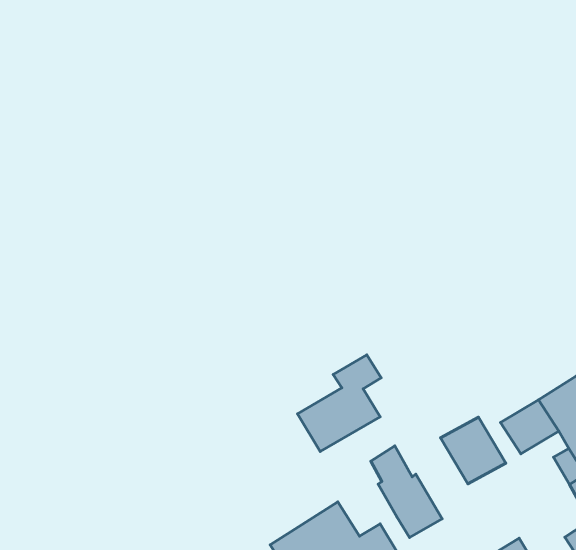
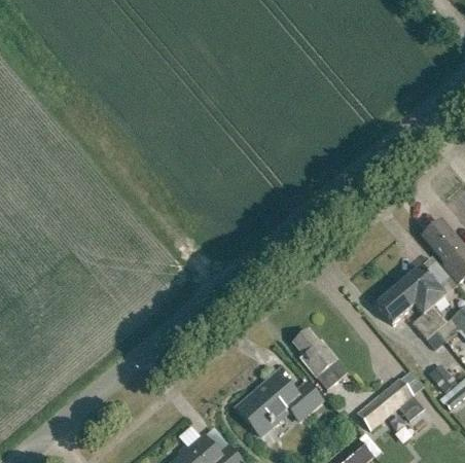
building: [298,355,381,452] -> none
building: [441,417,506,484] -> none

